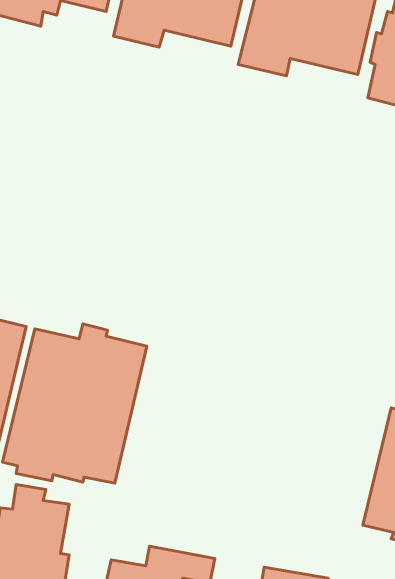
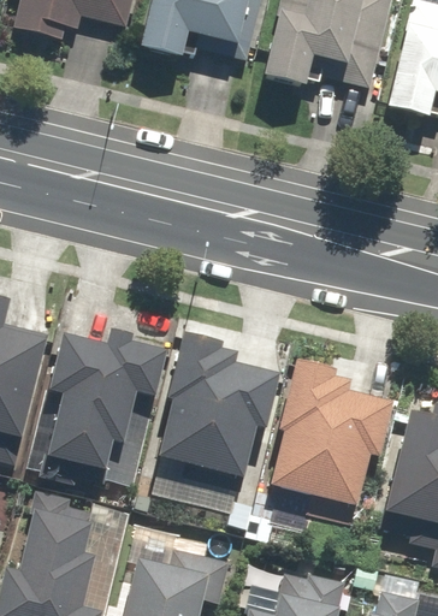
building: none -> [155,332,279,480]
building: none -> [264,361,395,527]

